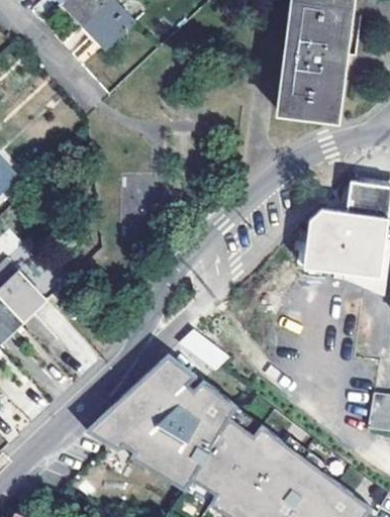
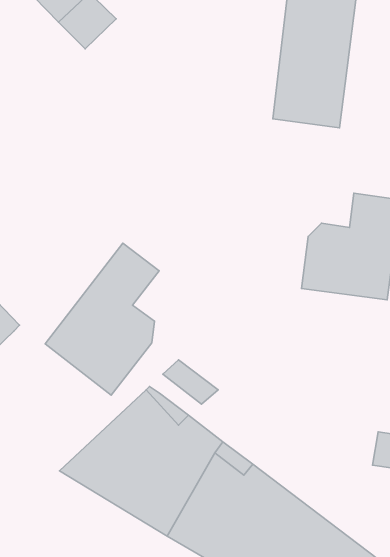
building: none -> [45,243,159,395]

